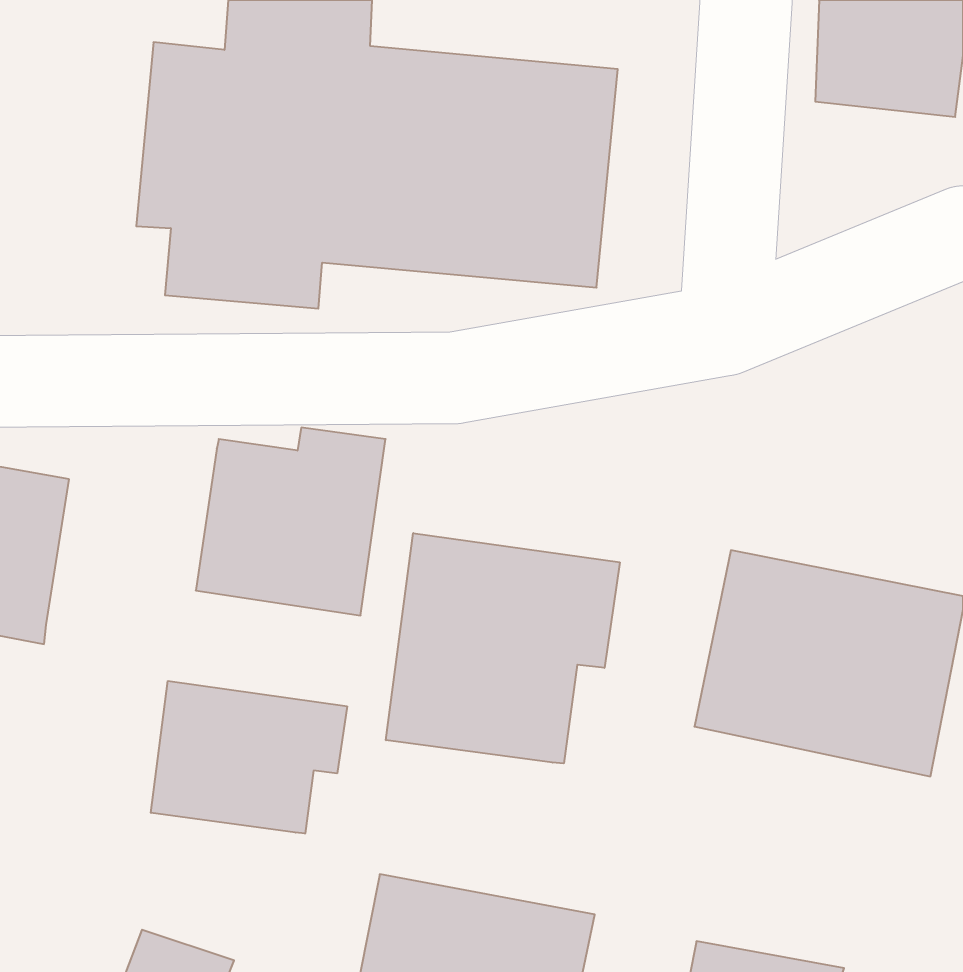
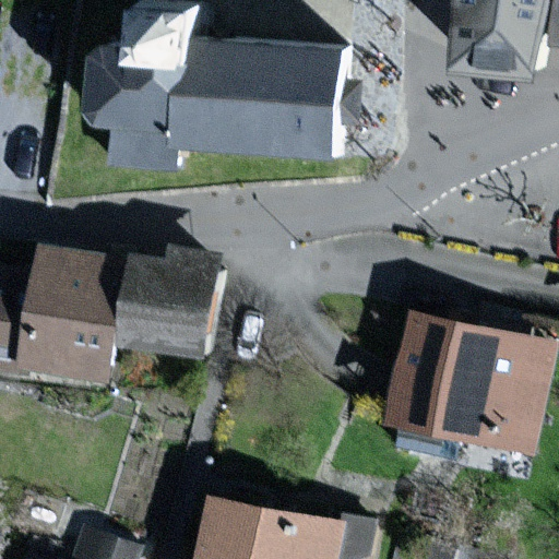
building: none -> [26,247,123,372]
building: [386,533,620,763] -> none
building: [151,681,347,834] -> none

